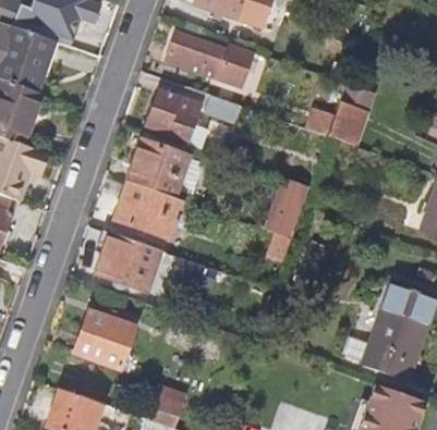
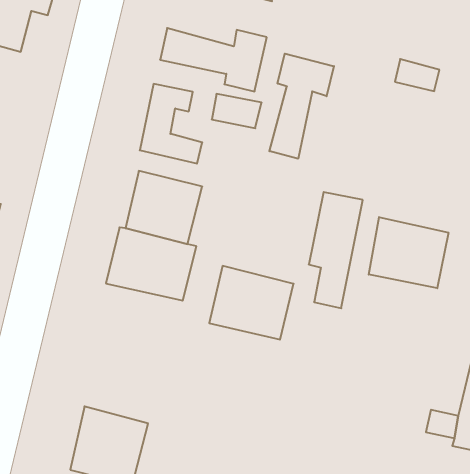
building: none -> [269,54,334,159]
building: [328,103,364,144] -> none
building: none -> [369,217,448,288]
building: [94,231,159,290] -> [209,266,294,340]

